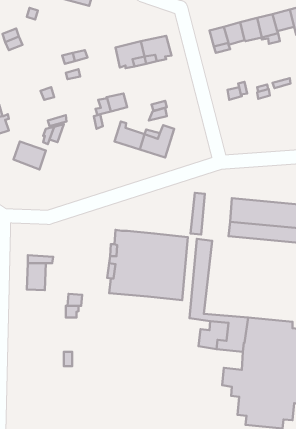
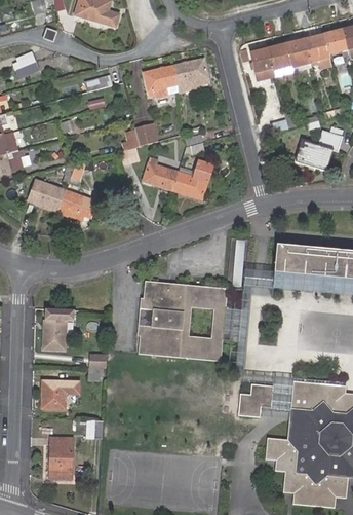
building: none -> [298,127,342,169]
building: none -> [58,190,95,220]
building: none -> [244,268,275,288]
building: none -> [43,380,78,407]
building: none -> [48,435,74,479]

